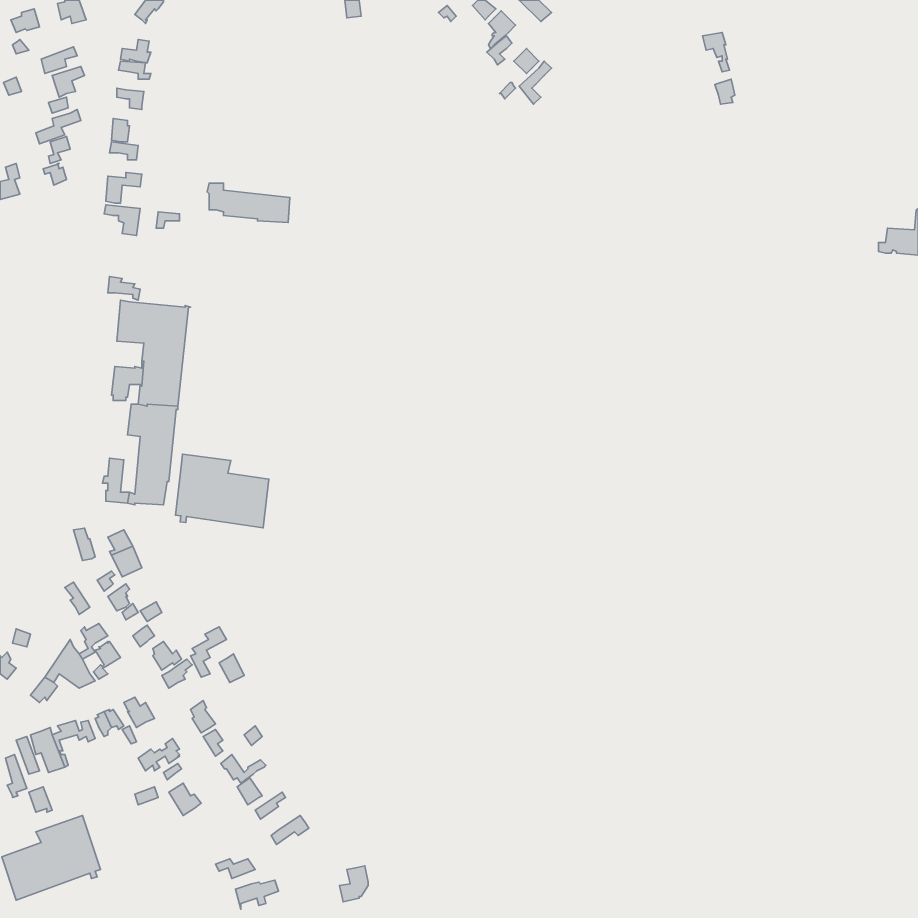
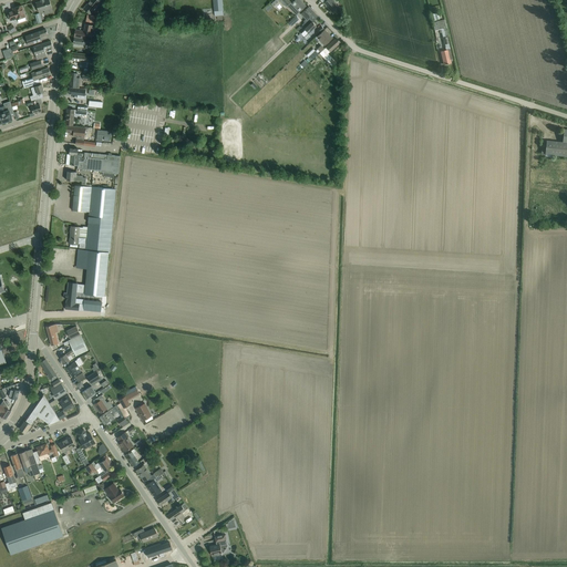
building: [207,183,290,223] -> [69,148,120,173]
building: [175,454,269,528] -> none

